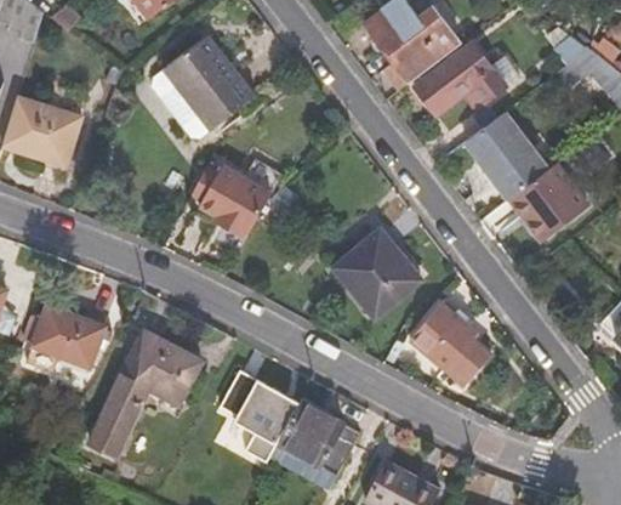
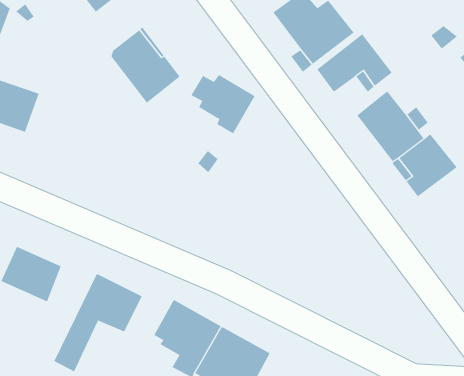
building: [190,165,269,238] -> [190,74,255,134]
building: [336,231,422,318] -> none
building: [410,305,490,388] -> none

